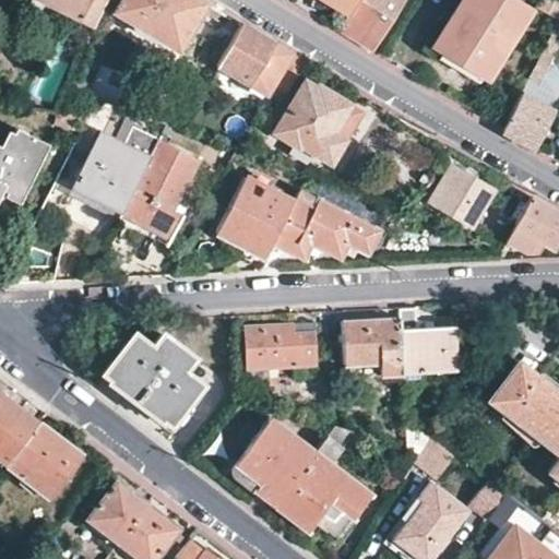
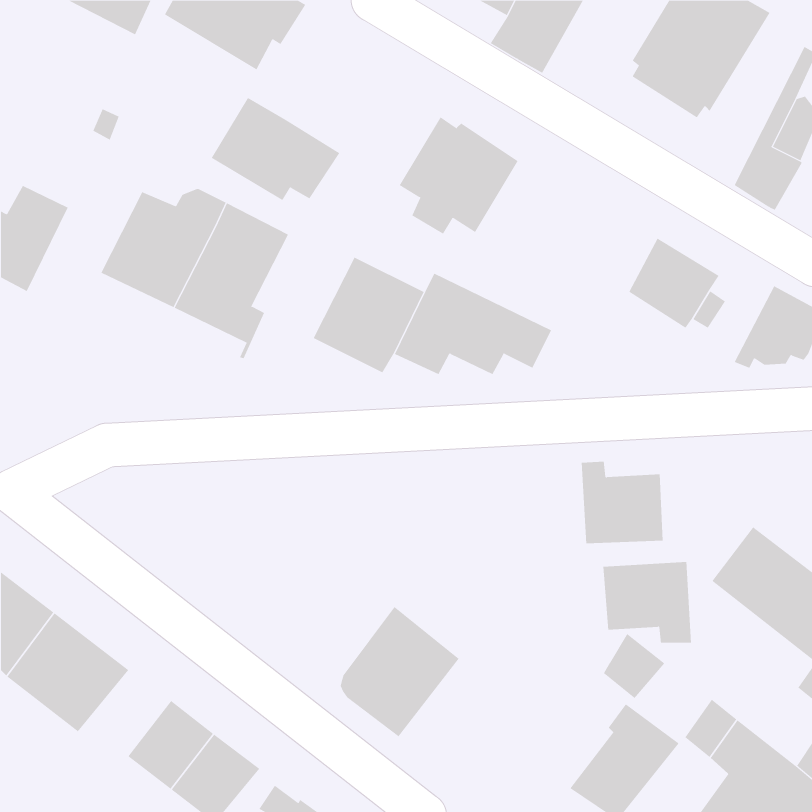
building: [216,23,305,94] -> [211,97,340,201]
building: [342,319,403,374] -> [603,562,692,643]
building: [245,325,316,370] -> none
building: [103,334,203,428] -> none
building: [275,428,372,538] -> none

